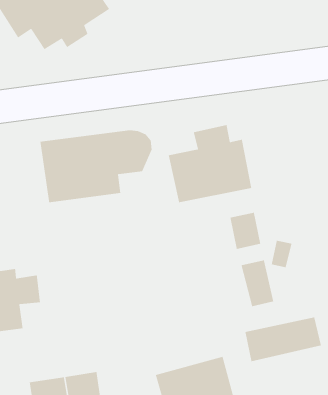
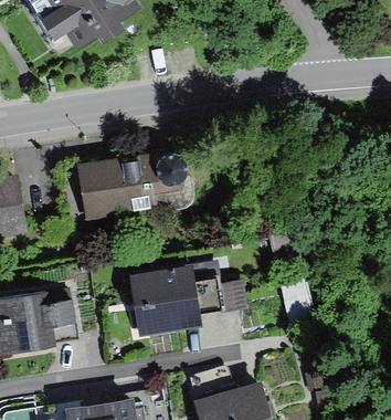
building: [168,124,252,203] -> none
building: none -> [130,263,223,334]
building: [245,316,322,362] -> none

